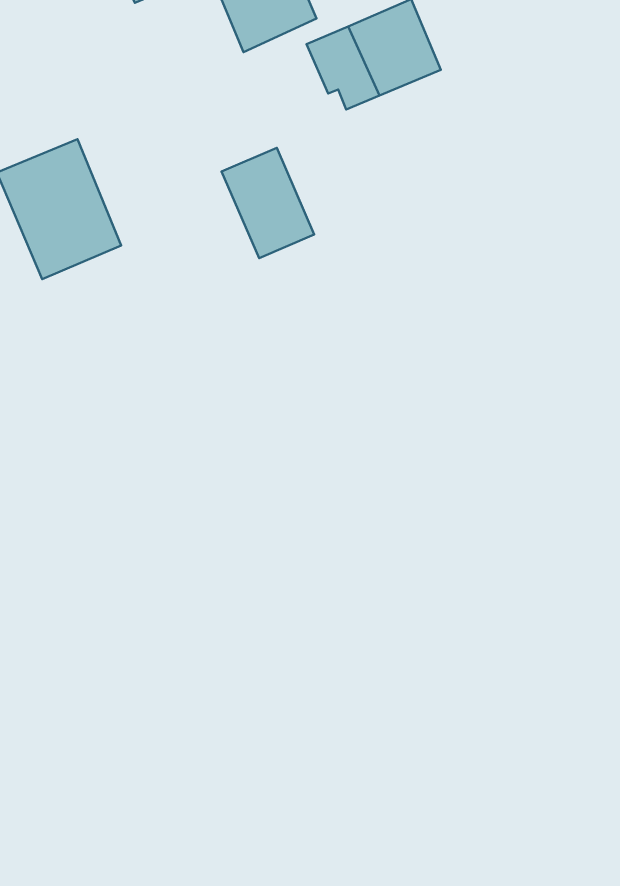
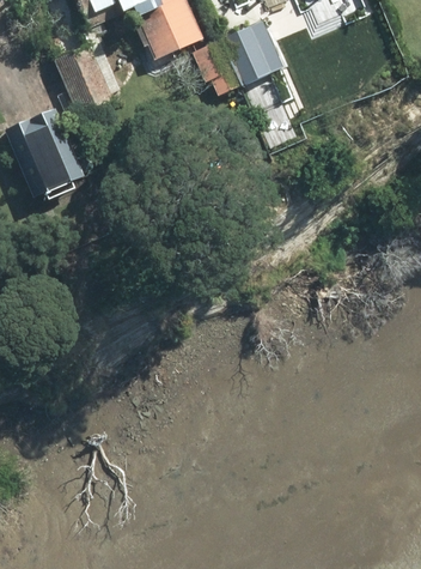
building: [222,148,314,258] -> [56,46,112,113]

